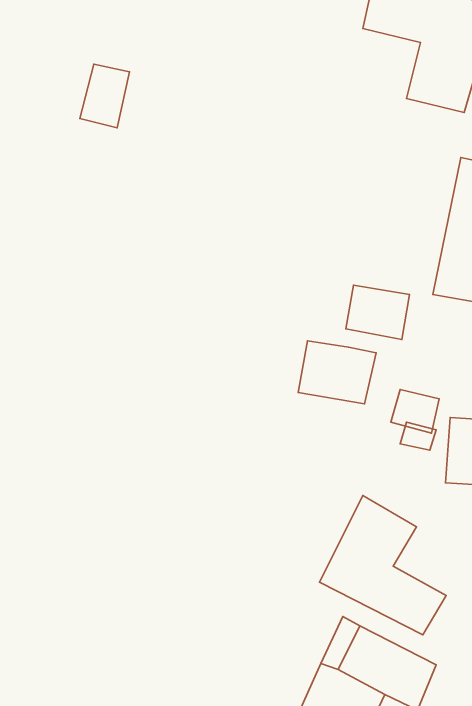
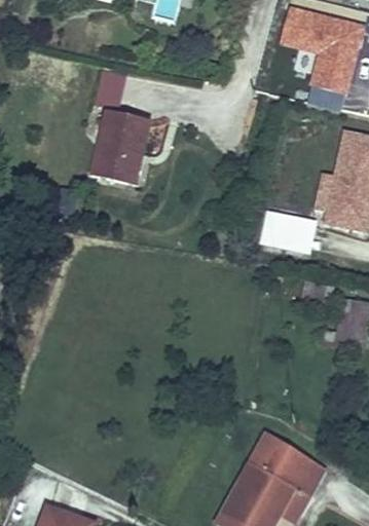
building: none -> [90,111,154,188]
building: [298,341,376,404] -> none
building: [320,496,446,635] -> none

